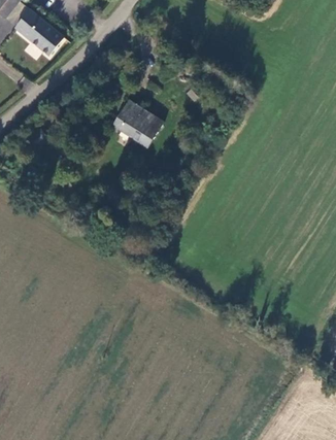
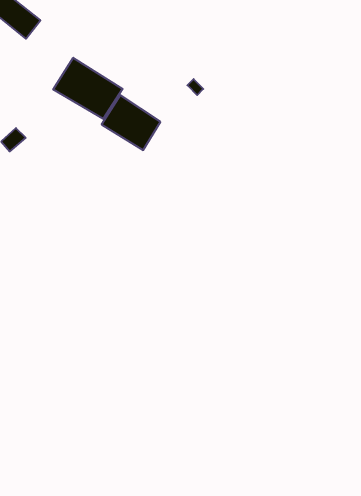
building: none -> [53,58,123,119]

